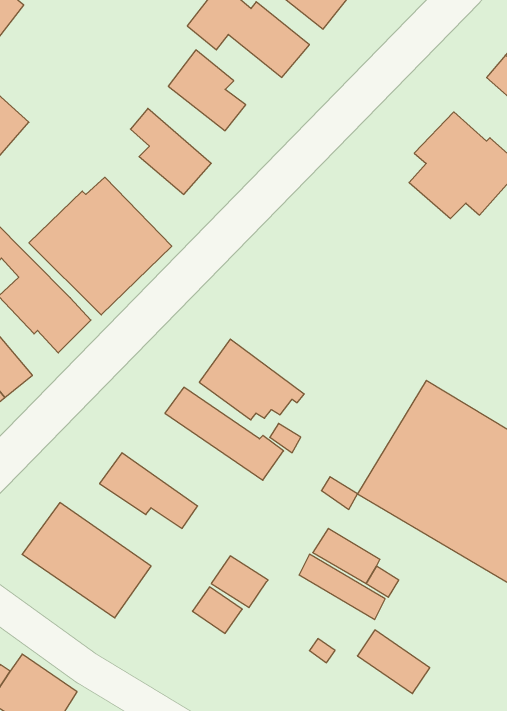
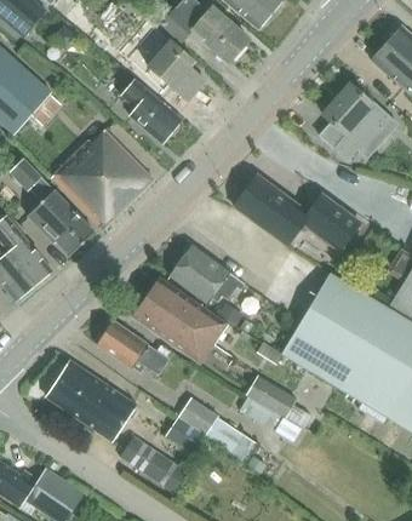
building: none -> [234,174,360,250]
building: none -> [133,297,214,354]
building: none -> [119,435,190,494]
building: [357,630,430,694] -> [205,416,256,460]

